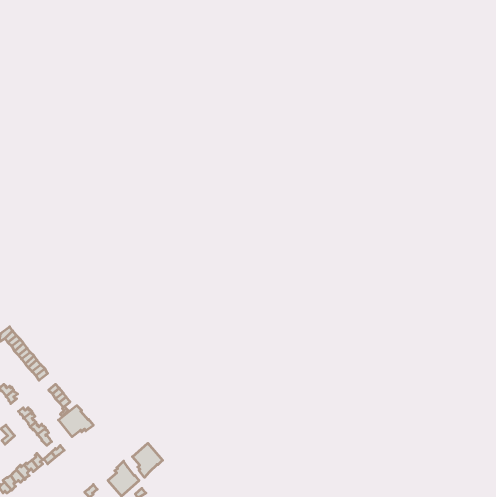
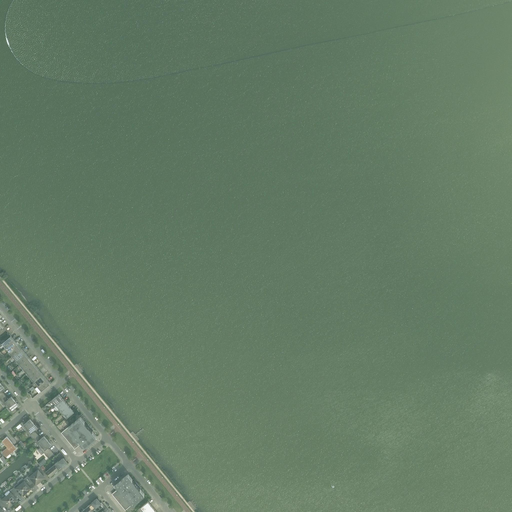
building: [132,443,163,477] -> none

